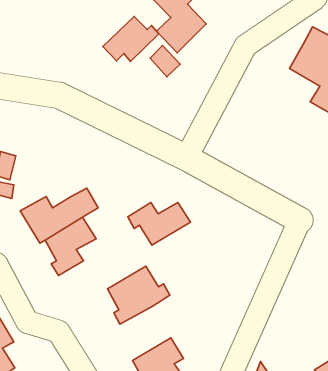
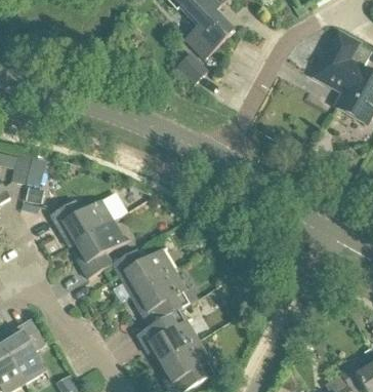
building: [103,16,159,61] -> none
building: [128,202,190,245] -> [112,250,173,292]
building: none -> [135,310,198,363]

